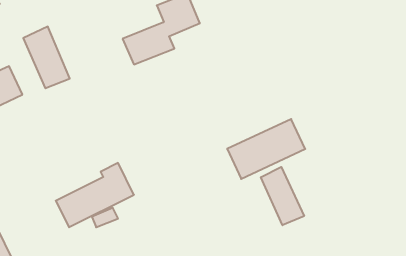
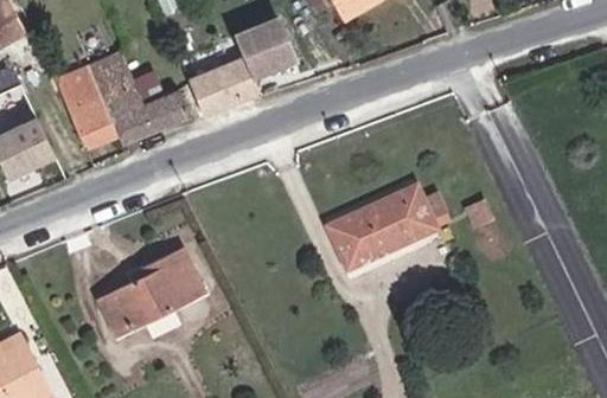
building: none -> [89,51,189,142]
building: [261,167,304,225] -> none

